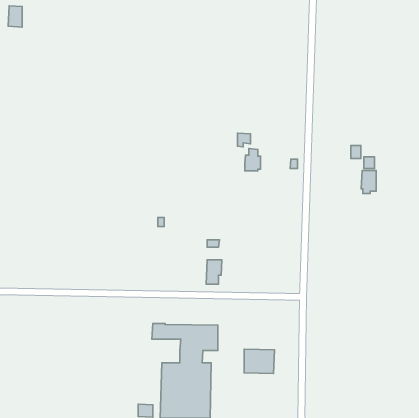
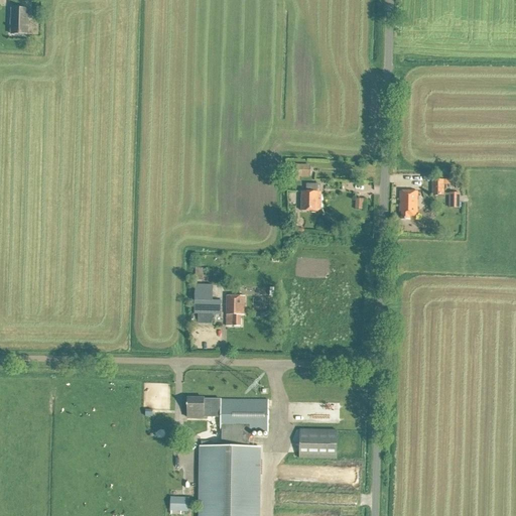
building: [361,171,376,194] -> [398,189,416,218]
building: none -> [194,284,220,313]
building: [206,260,222,284] -> [225,294,244,325]

